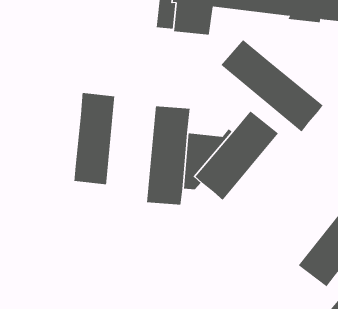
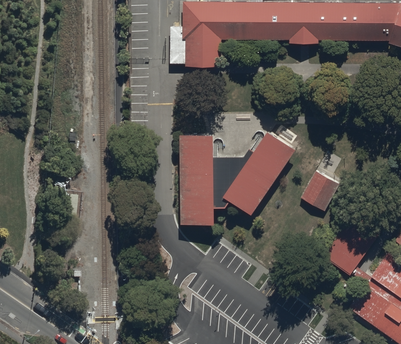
building: [220,39,324,132] -> none
building: [74,92,115,185] -> none
building: none -> [304,171,341,210]

